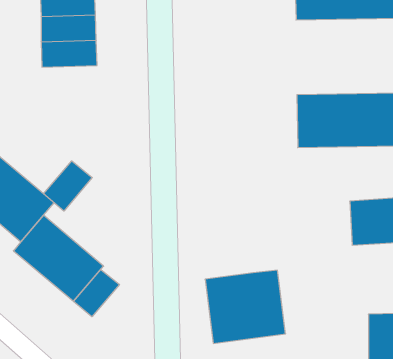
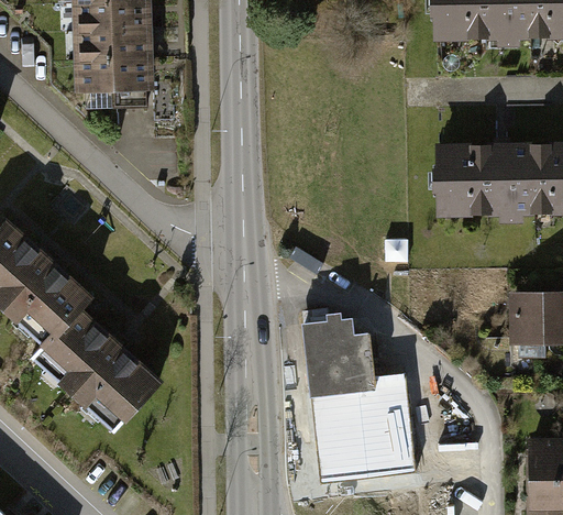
building: [44,161,92,211] -> none
building: none -> [294,310,368,395]
building: [74,269,119,317] -> none

